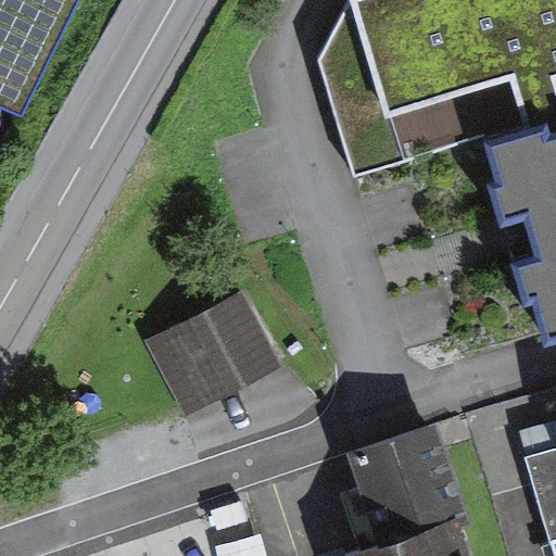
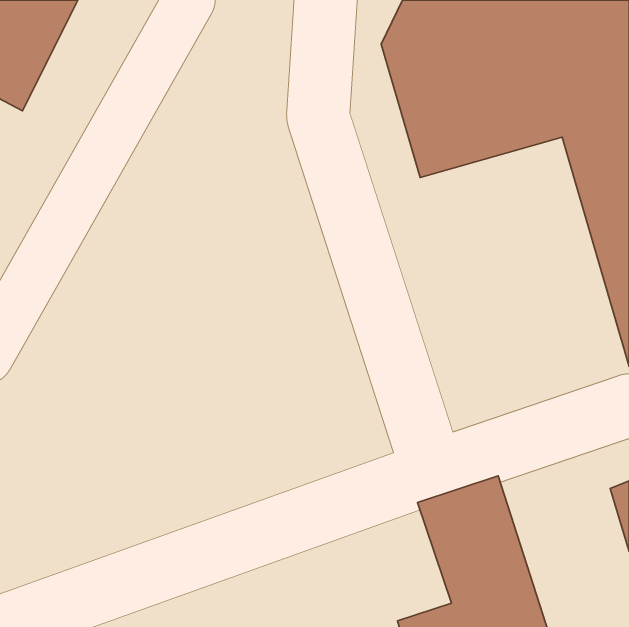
building: [160,298,270,396] -> none

